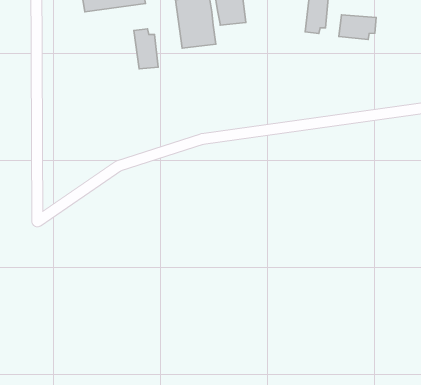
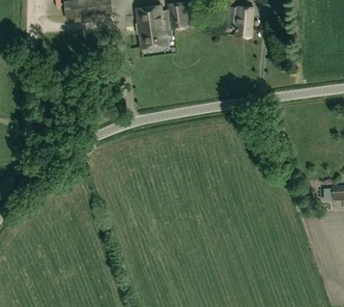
building: [339,15,376,40] -> none
building: [134,29,158,69] -> none

